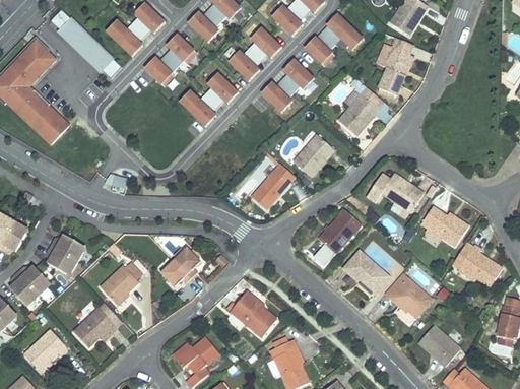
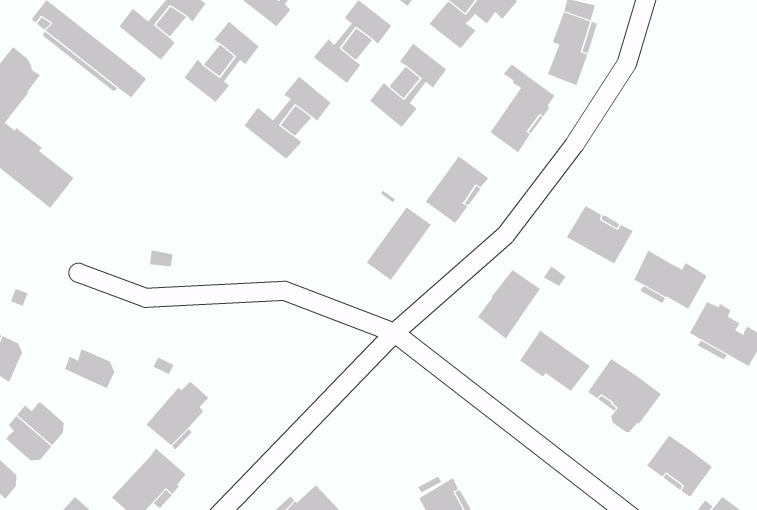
building: [45,246,76,273] -> none
building: [159,247,199,285] -> none
building: [230,290,275,336] -> none

